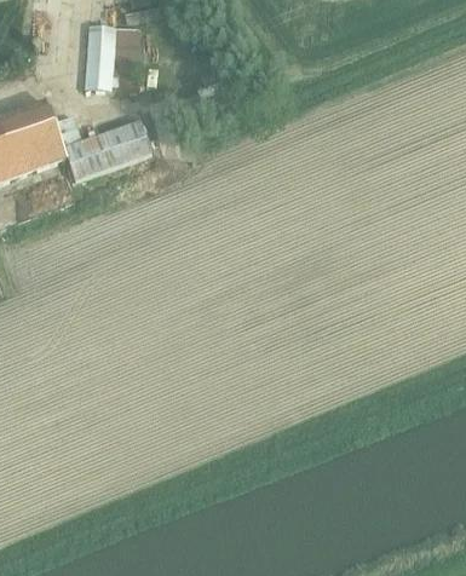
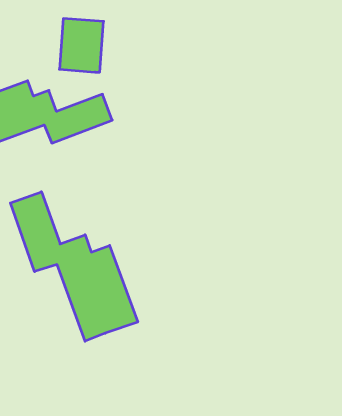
building: none -> [10,192,138,341]

